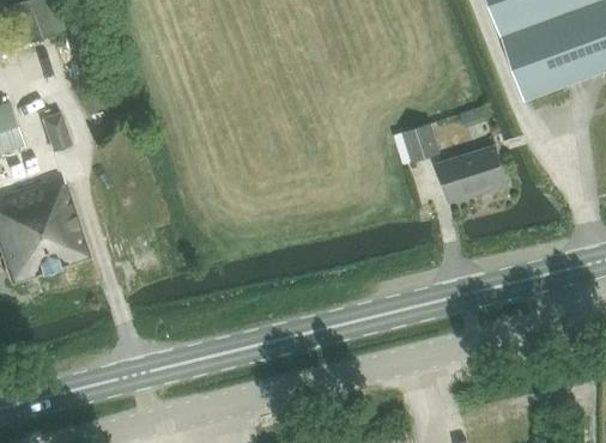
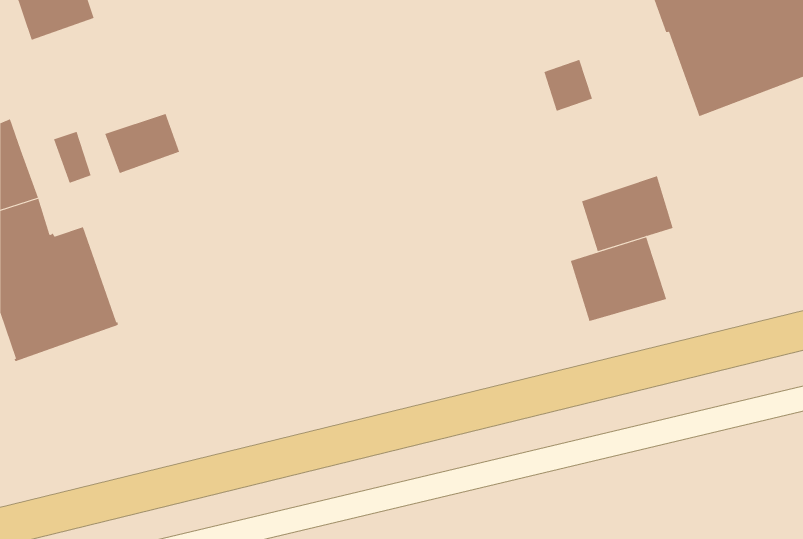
building: none -> [105,113,180,174]
building: [404,123,441,163] -> [543,59,593,112]
building: none -> [570,236,667,322]

